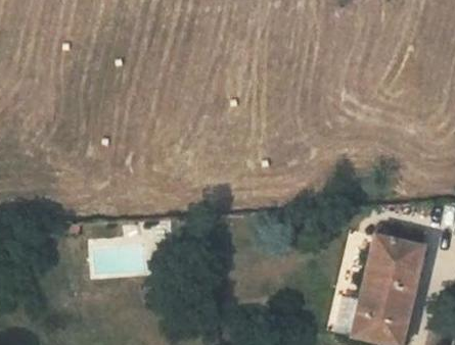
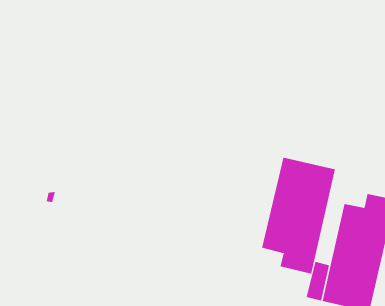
building: none -> [262,157,336,275]

